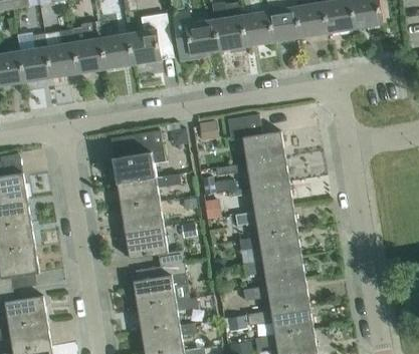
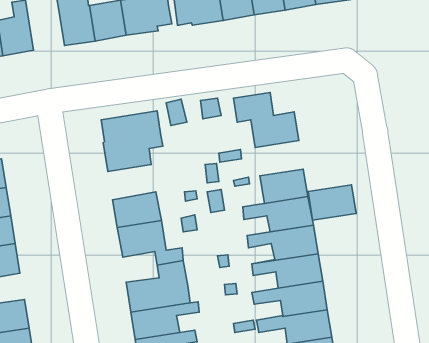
building: [46,42,78,77] -> none
building: [246,156,288,188] -> [308,185,356,220]
building: [117,173,181,209] -> none

